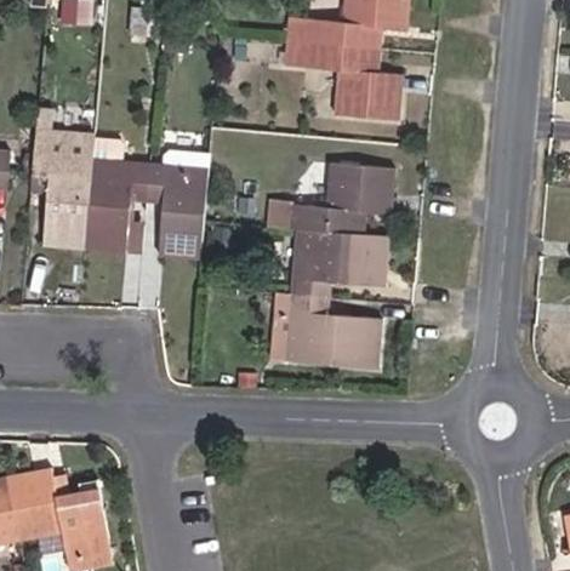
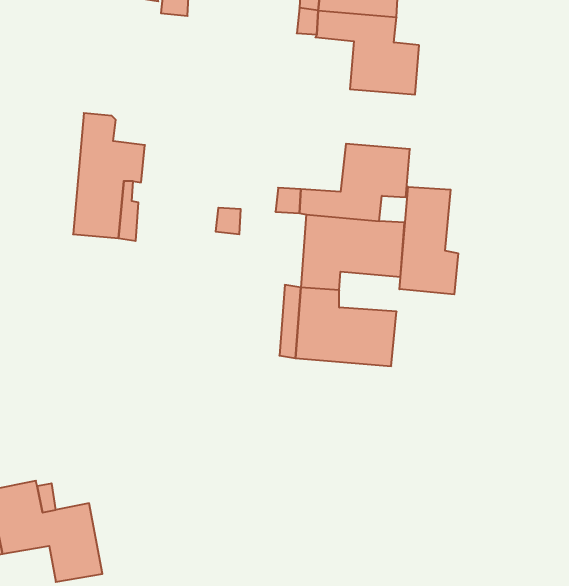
building: [29,127,93,247] -> none
building: [146,149,209,257] -> none
building: none -> [399,187,458,294]

